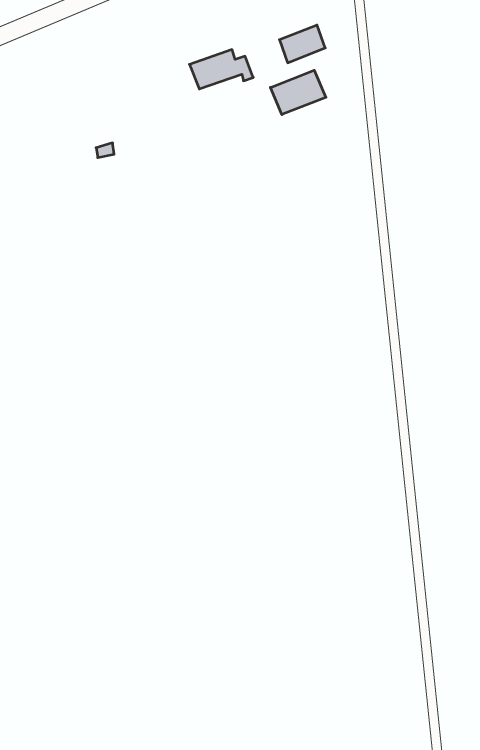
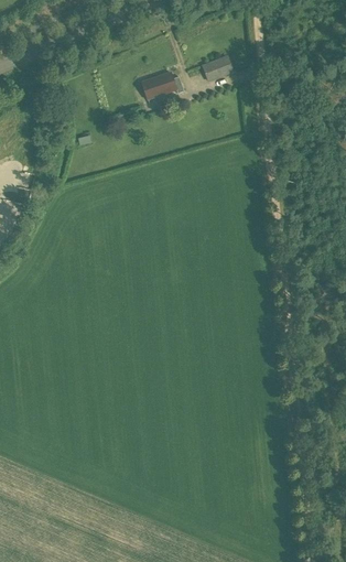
building: [270,70,326,115] -> none

